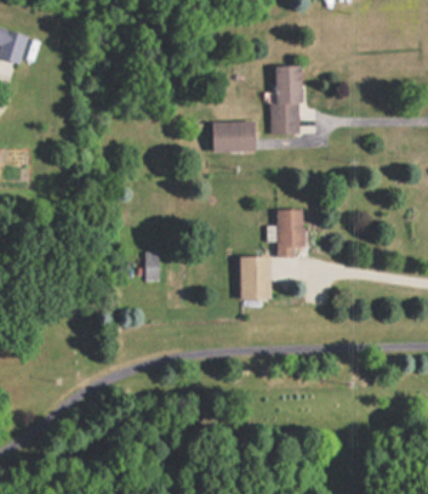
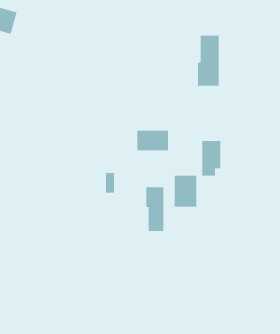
building: [211,123,255,151] -> [137,130,169,151]
building: none -> [146,187,164,232]

